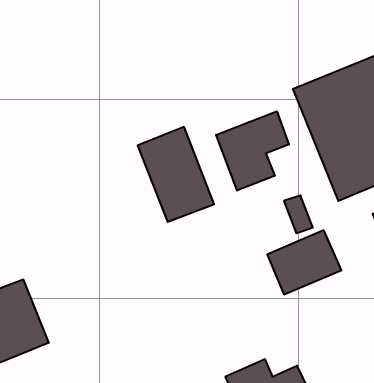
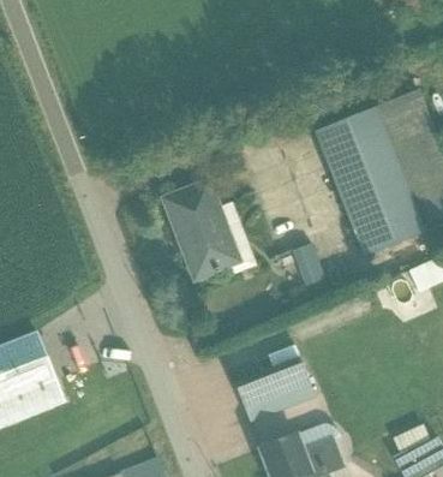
building: [216,111,289,191] -> none
building: [267,230,342,294] -> [239,353,319,423]

